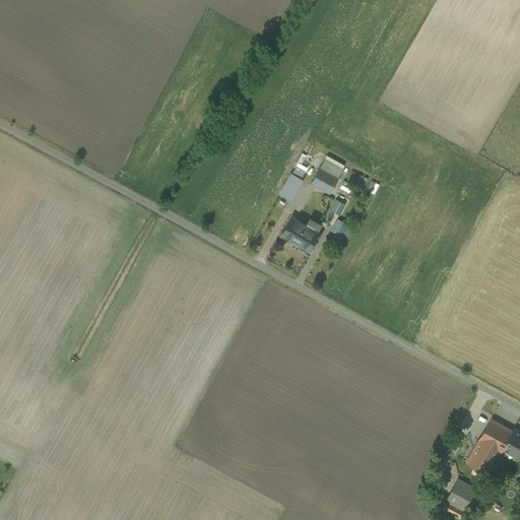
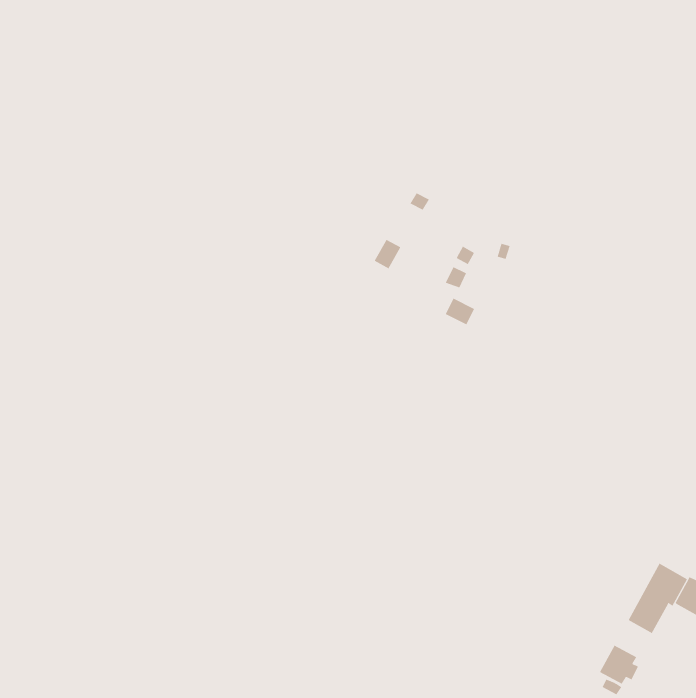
building: [311,167,339,193] -> none
building: [281,215,319,251] -> none

